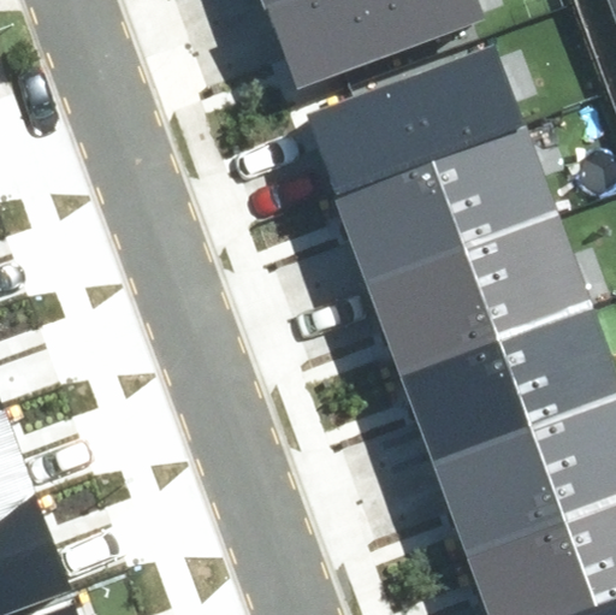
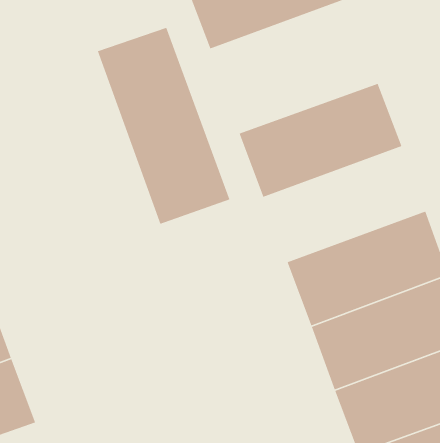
building: [304,43,522,197] -> none
building: none -> [97,27,231,225]
building: [368,215,586,369] -> none

